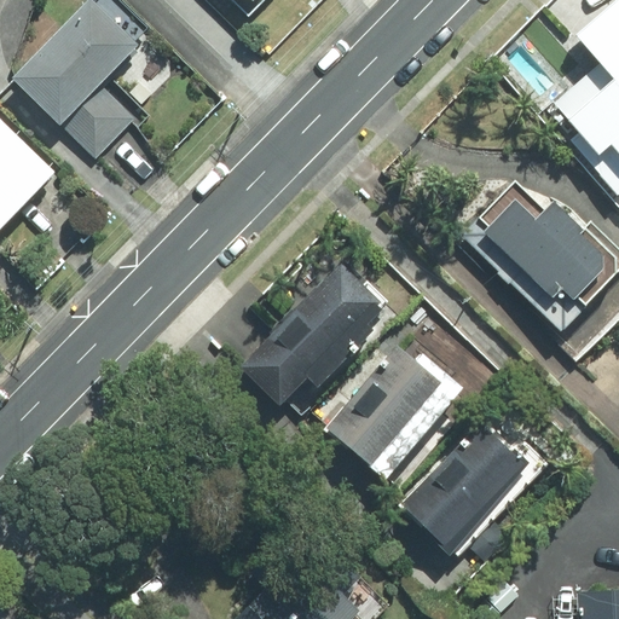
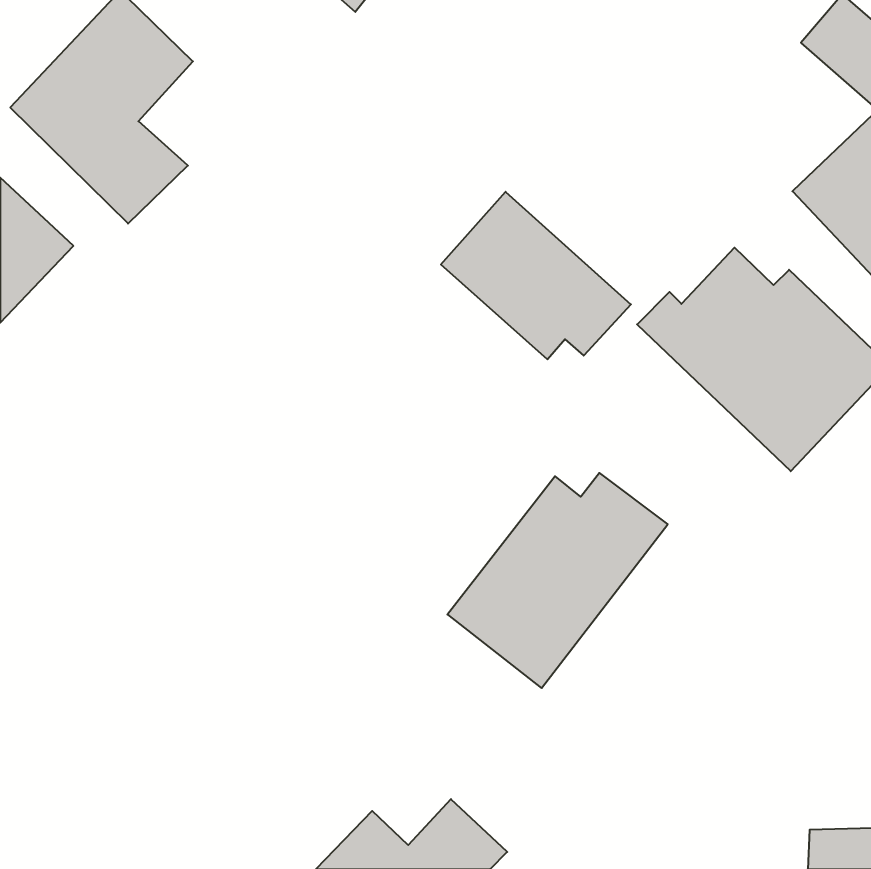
building: none -> [441,192,631,359]
building: [242,258,388,403] -> none
building: [397,420,551,575] -> none

